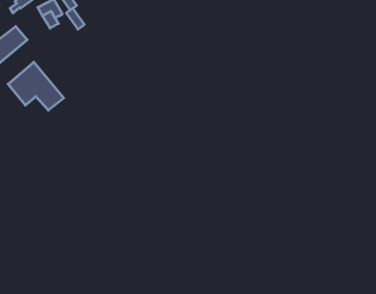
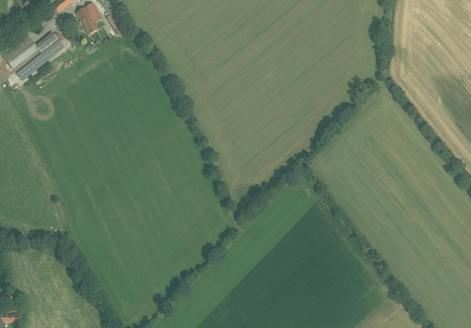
building: [8,62,64,110] -> none

